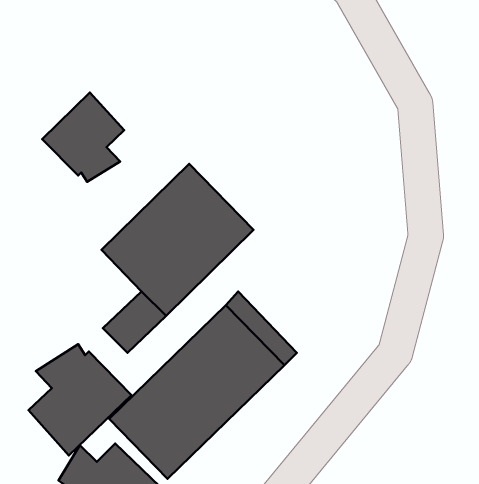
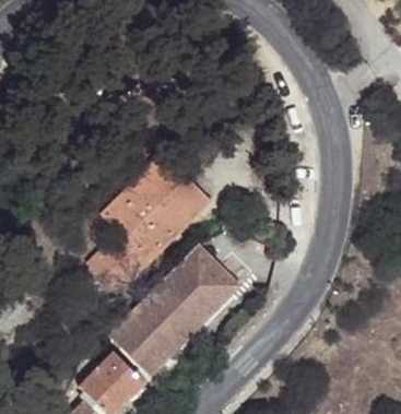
building: [42,92,124,182] -> none
building: [28,344,131,456] -> none

